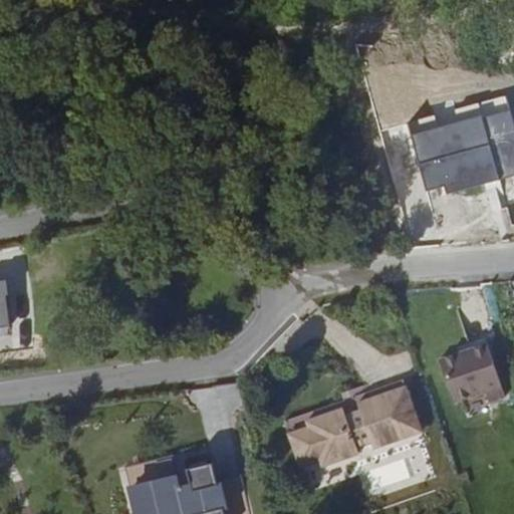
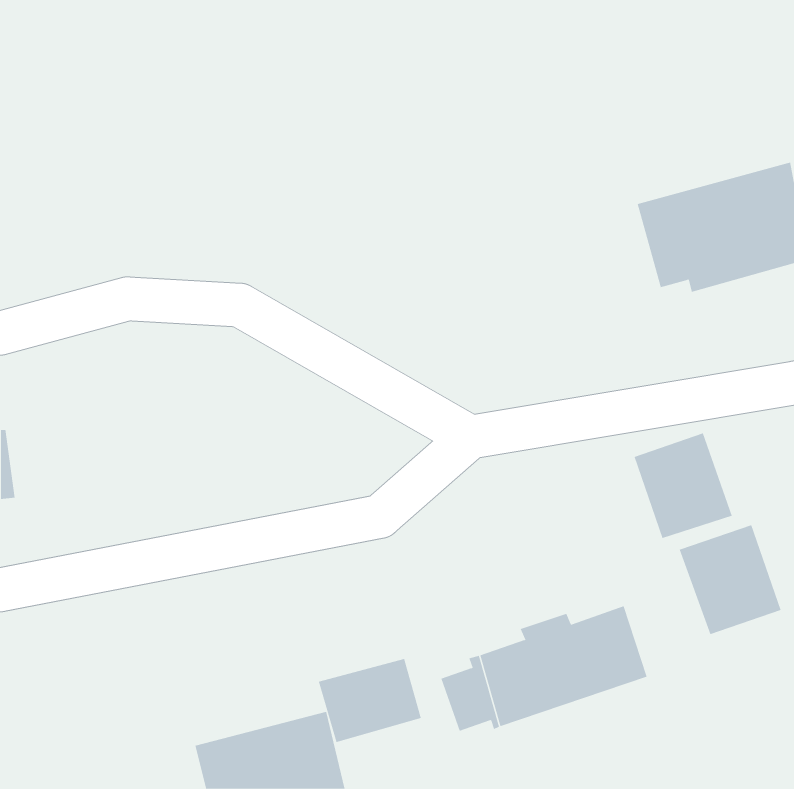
building: none -> [634,432,733,539]
building: none -> [318,658,421,743]

